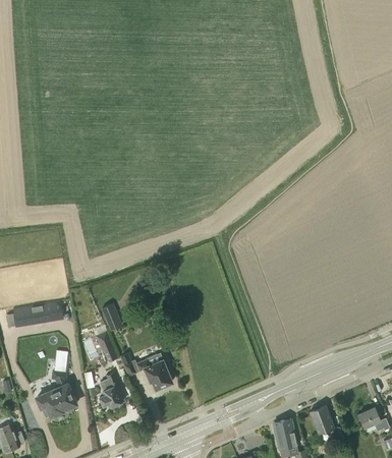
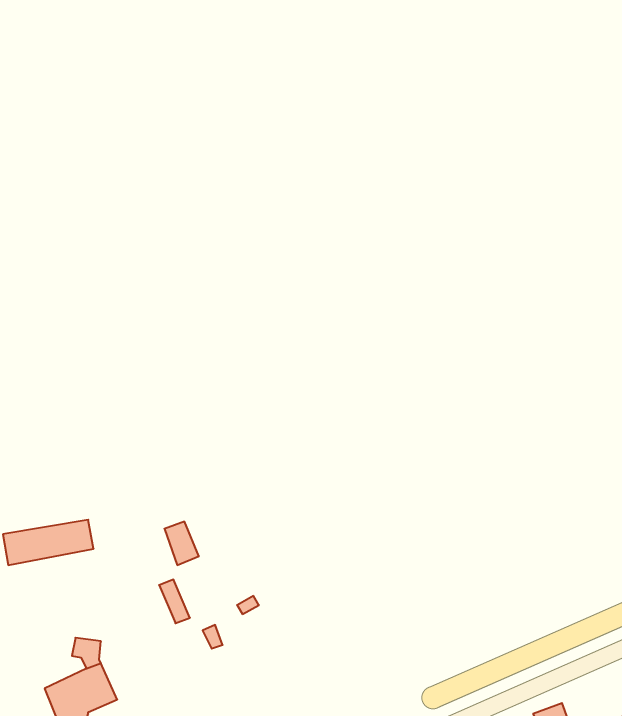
building: [136,359,172,389] -> none
building: [100,373,123,408] -> none

